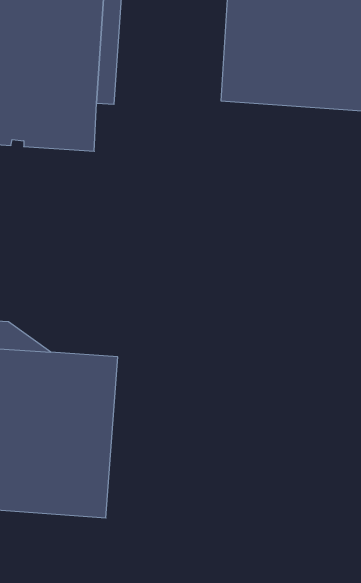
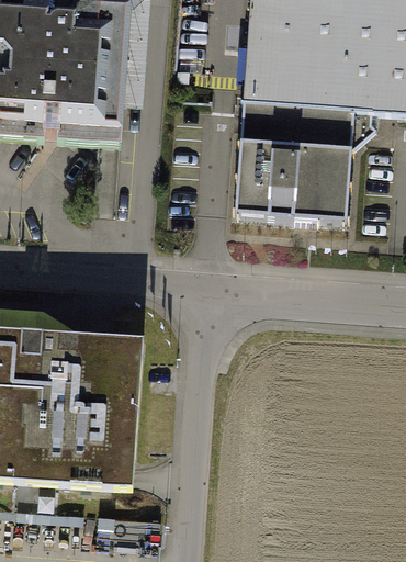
building: none -> [235,98,349,213]

